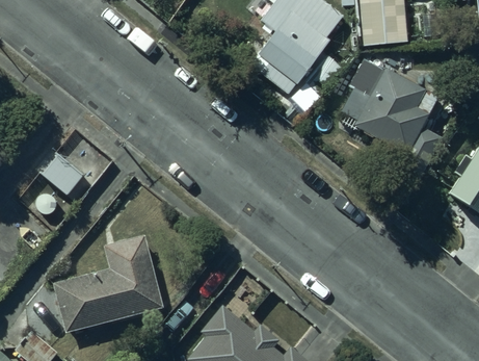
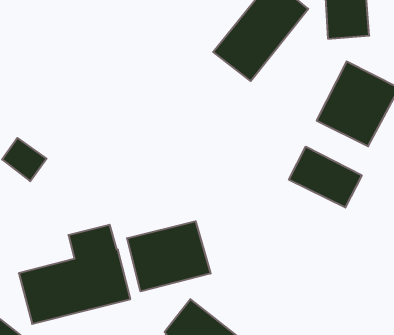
building: none -> [289,147,362,208]
building: none -> [127,221,211,291]

